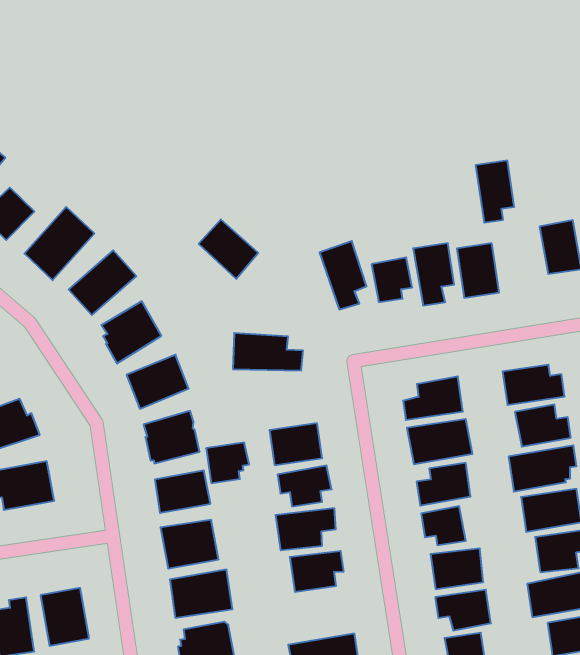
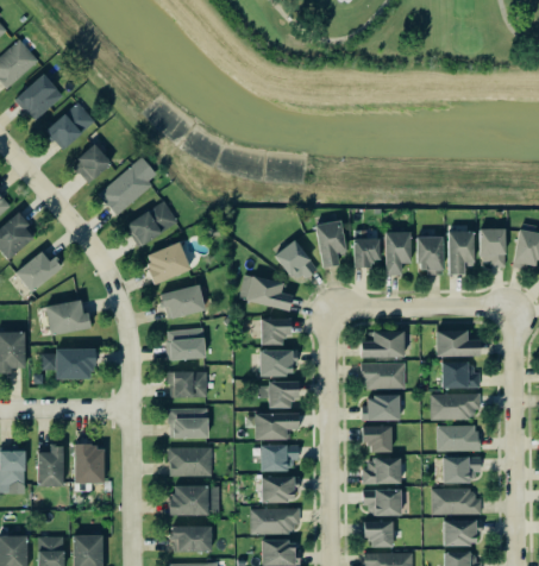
building: [476,161,514,223] -> [450,232,474,275]
building: [199,219,258,279] -> [275,240,318,285]
building: [206,443,249,483] -> [262,319,292,345]
building: none -> [261,476,299,503]

